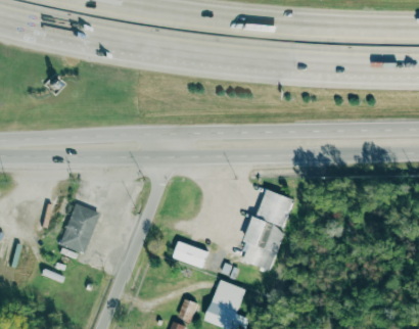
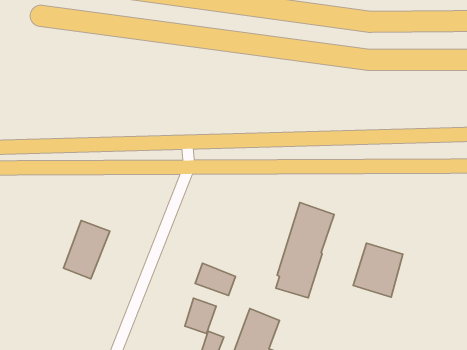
building: none -> [353,243,403,297]
building: none -> [185,298,216,334]

